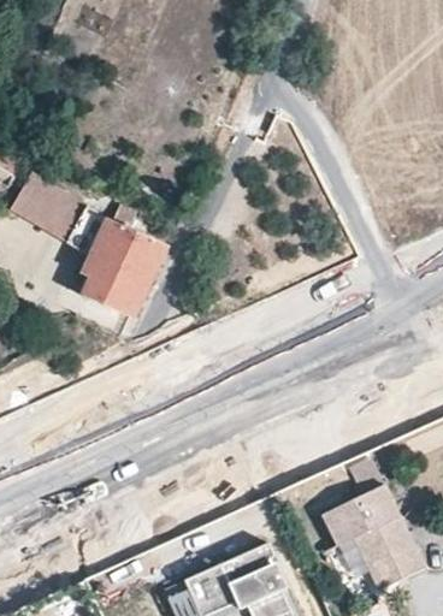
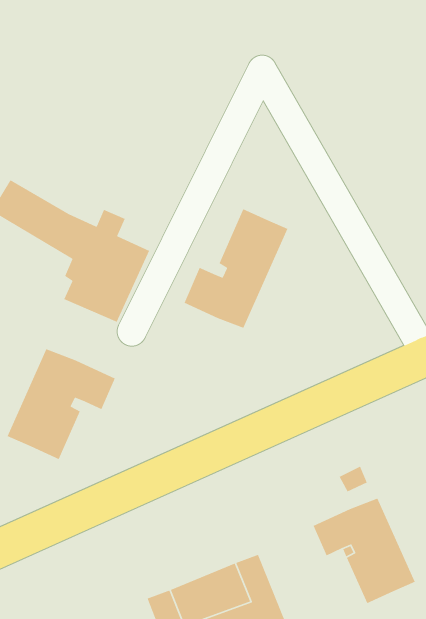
building: none -> [183,208,288,329]
building: none -> [6,348,116,460]

